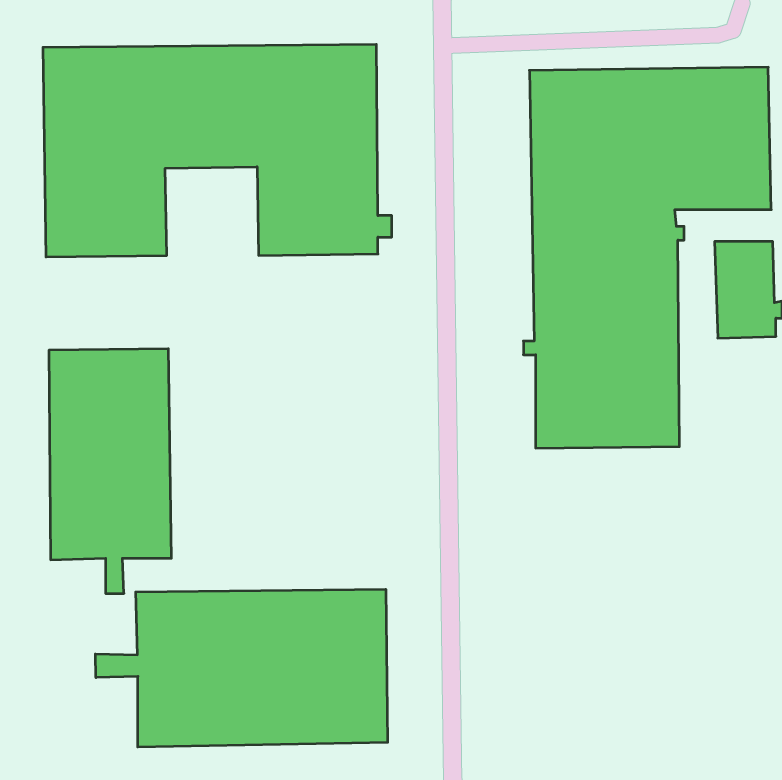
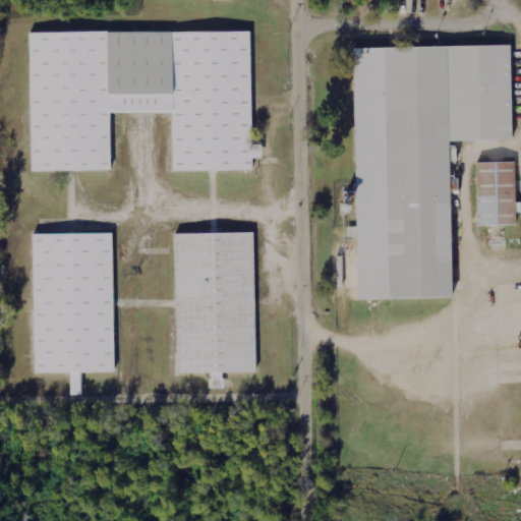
building: none -> [174,232,255,388]
building: [95,589,388,747] -> none

